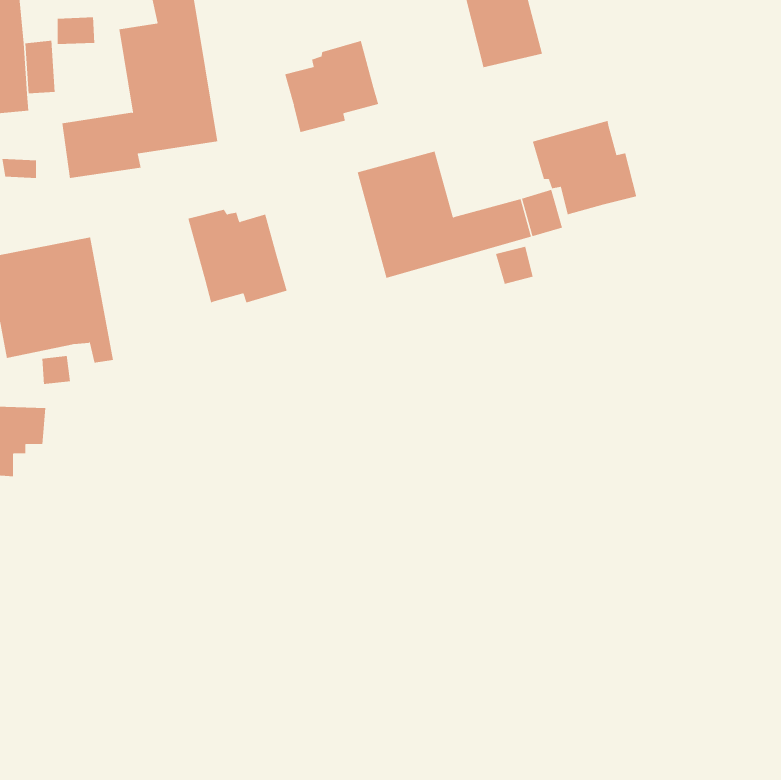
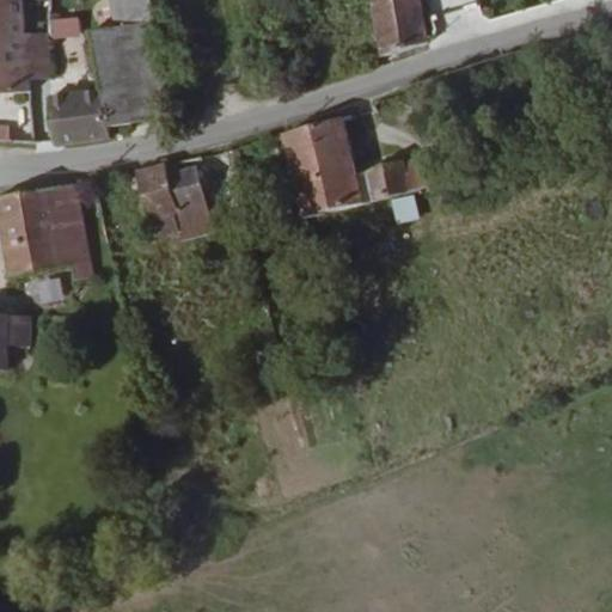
building: [285,40,379,133] -> none
building: [532,120,637,215] -> none

